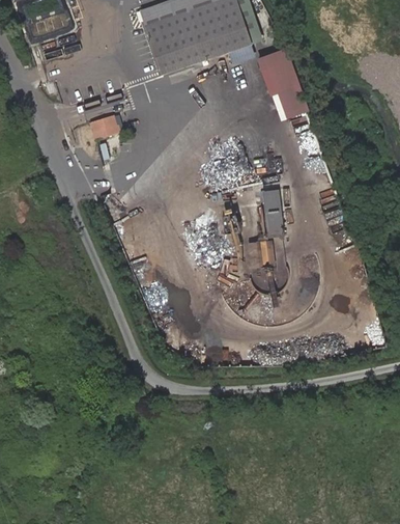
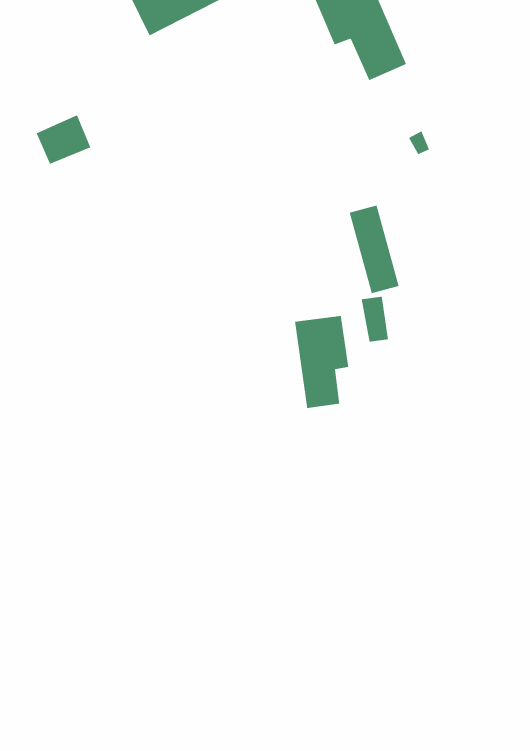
building: none -> [294,315,349,409]

